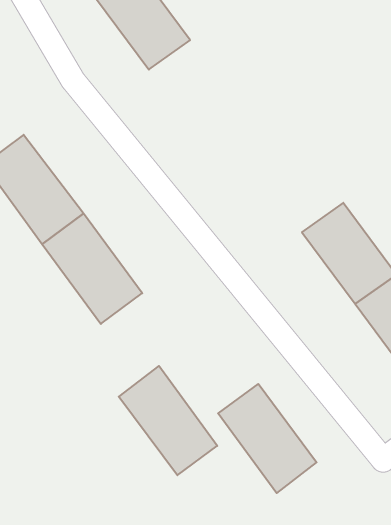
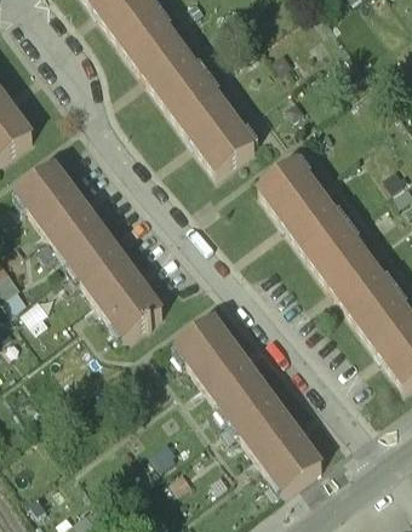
building: none -> [170,79,256,172]
building: none -> [261,161,347,253]
building: [119,366,217,475] -> [179,319,269,418]

